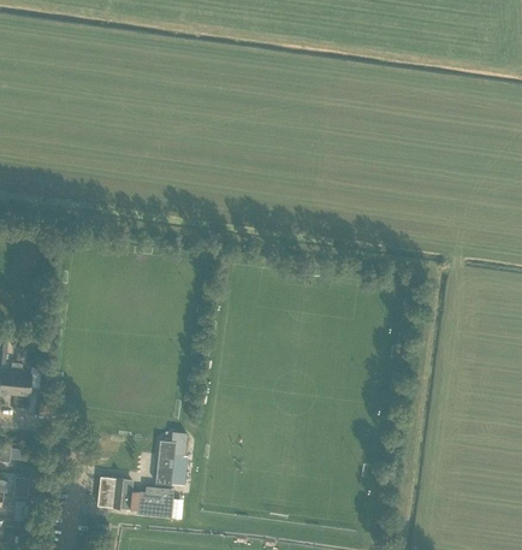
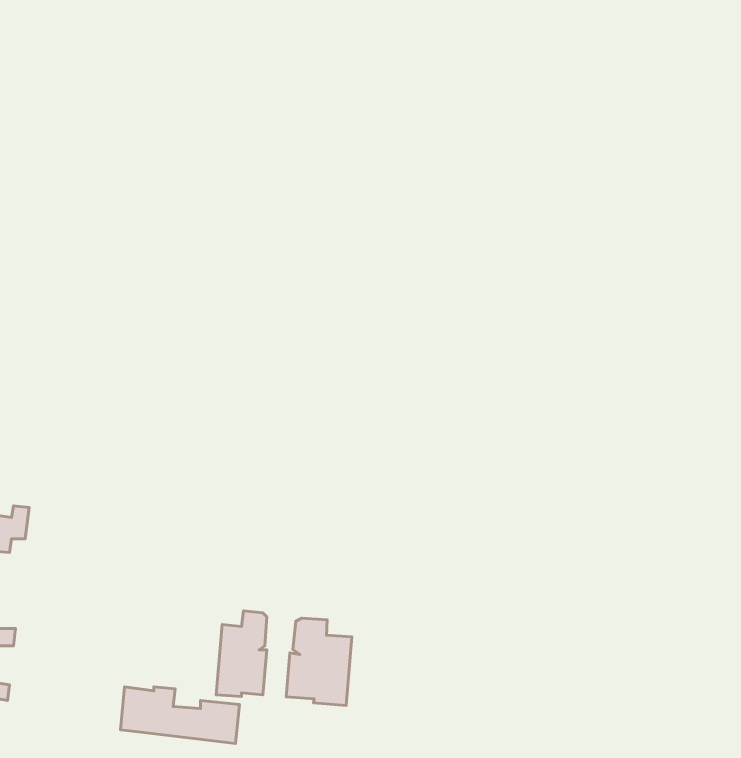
building: none -> [286,618,352,706]

